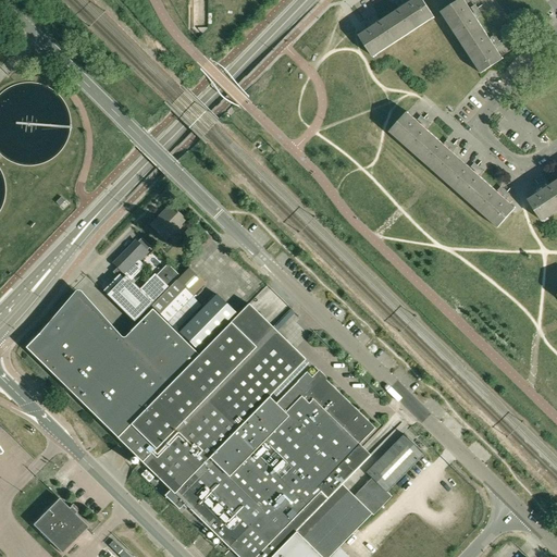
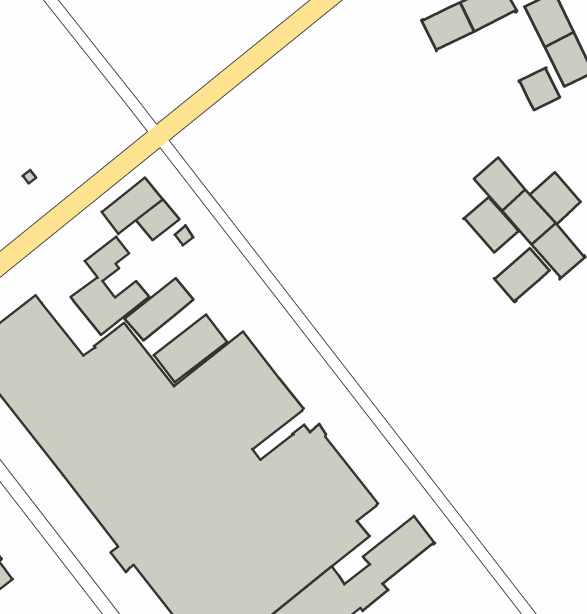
building: none -> [519,68,560,110]
building: [388,111,434,156] -> [463,196,519,252]
building: none -> [530,172,581,224]
building: none -> [102,178,163,234]
building: none -> [494,248,550,302]

